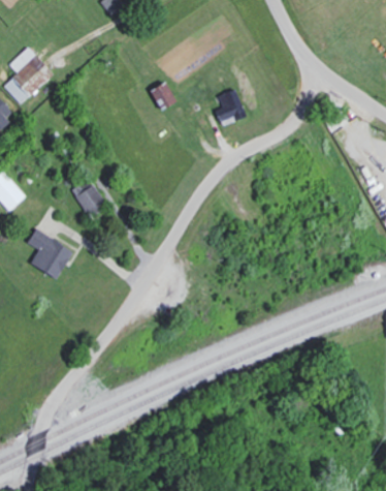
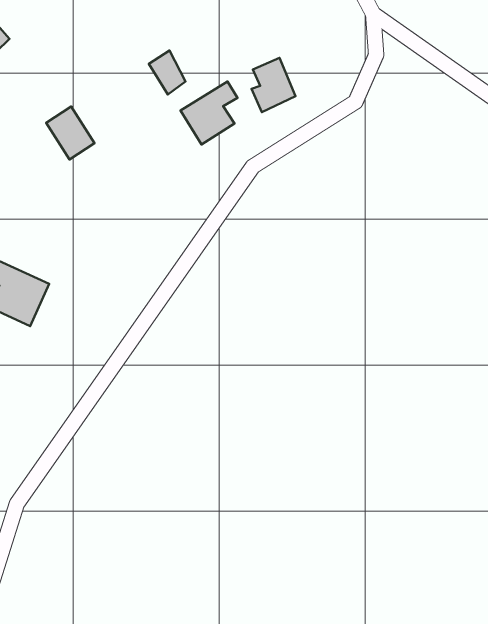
building: none -> [180,81,237,145]
building: [72,177,106,214] -> [46,107,95,159]

